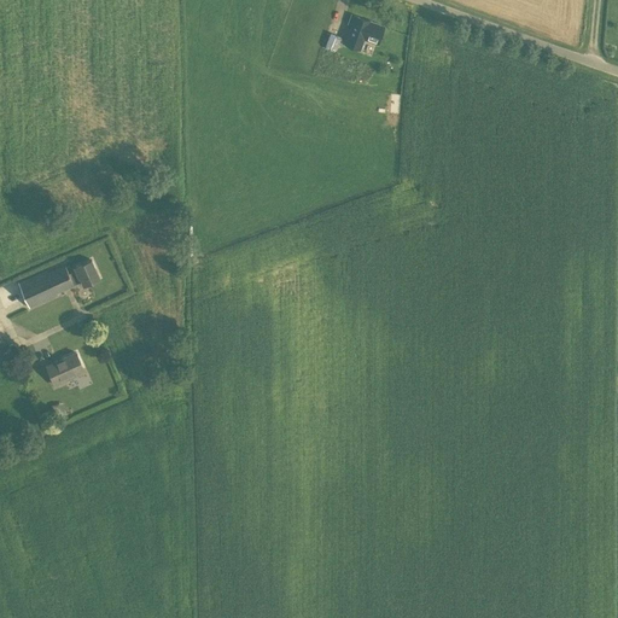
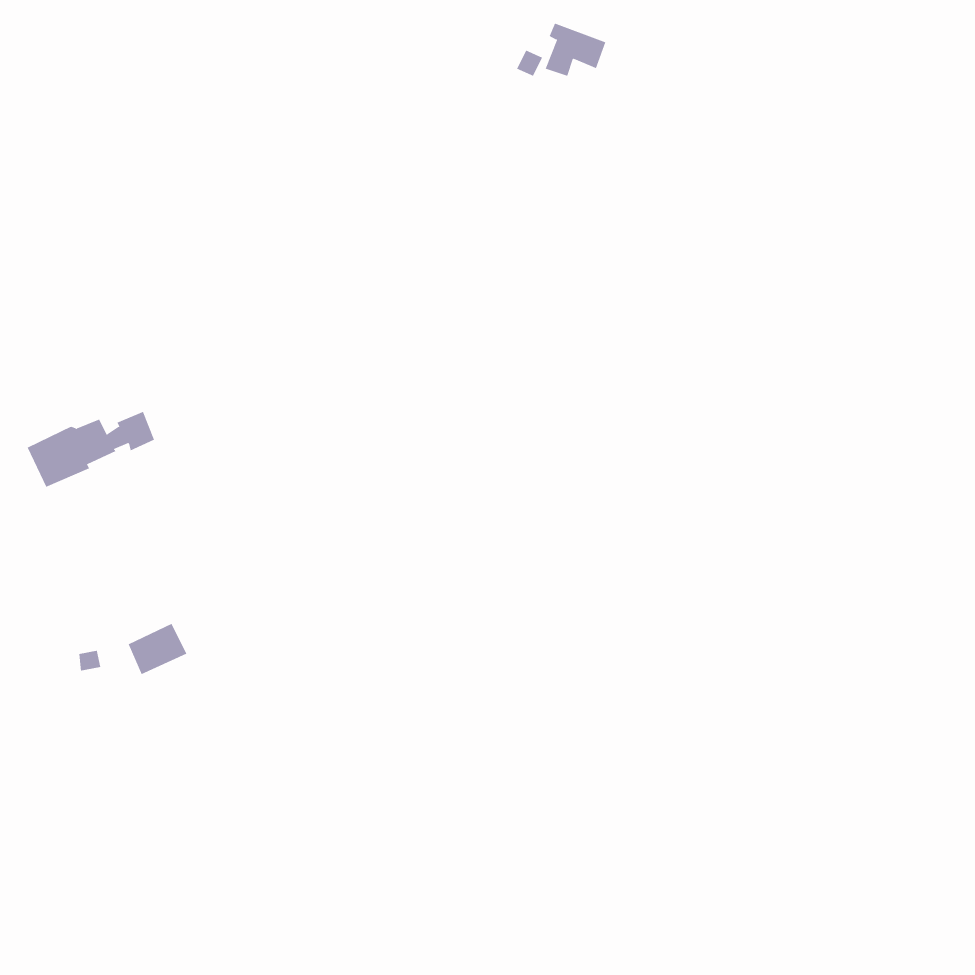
building: [46,354,83,386] -> [128,623,187,675]

